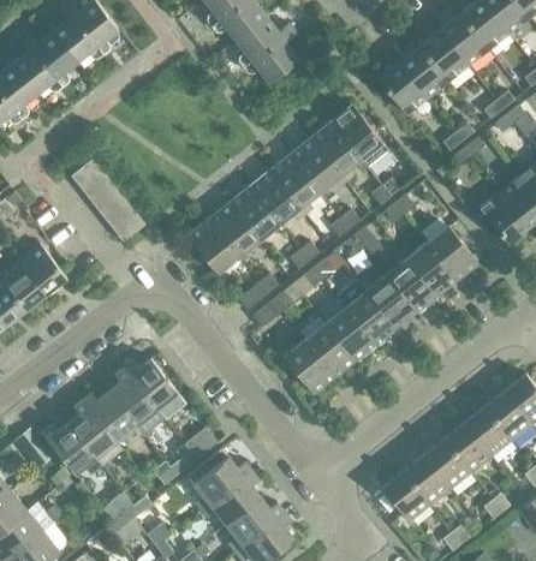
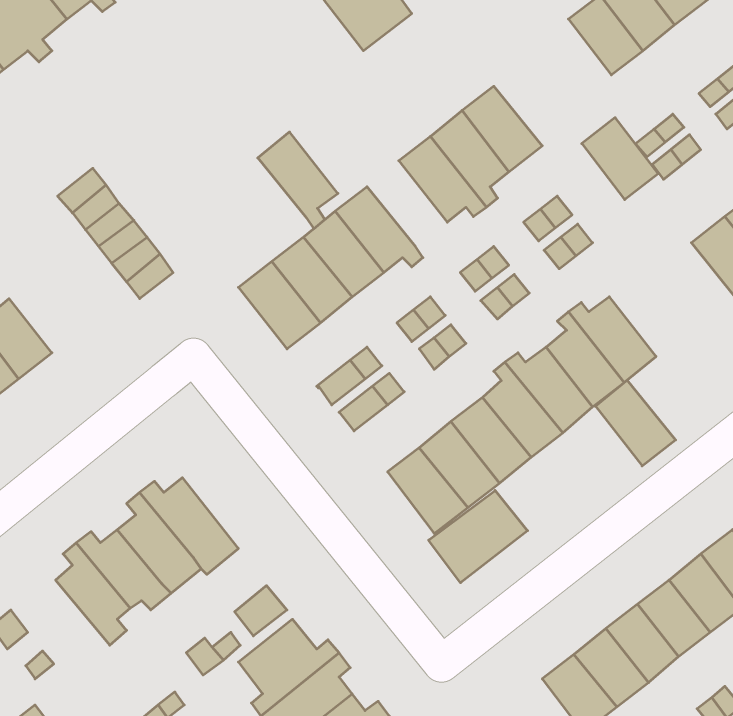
building: [377,62,427,115] -> [582,118,658,200]
building: [269,154,321,216] -> [258,132,338,229]
building: [425,225,477,280] -> [595,380,676,466]
building: none -> [429,490,528,583]
building: [41,424,103,476] -> none

